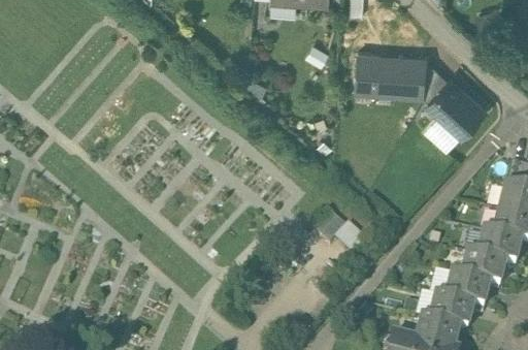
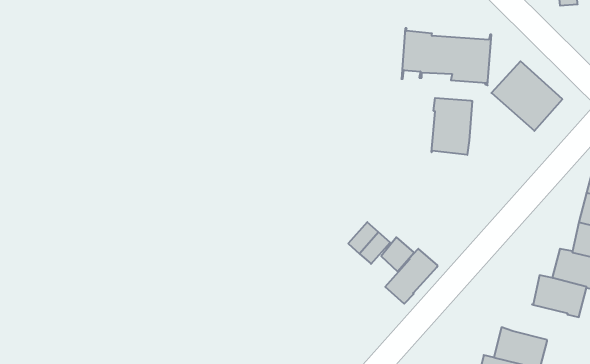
building: none -> [432,98,472,155]
building: none -> [385,249,437,304]
building: [444,273,489,308] -> none

